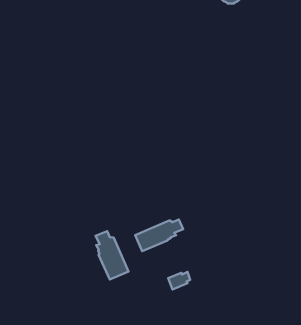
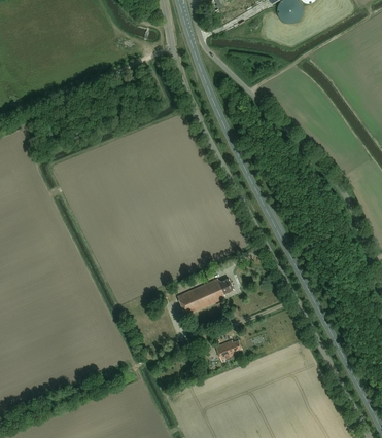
building: [96,231,129,279] -> none

